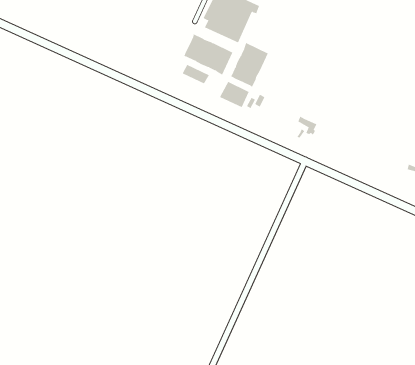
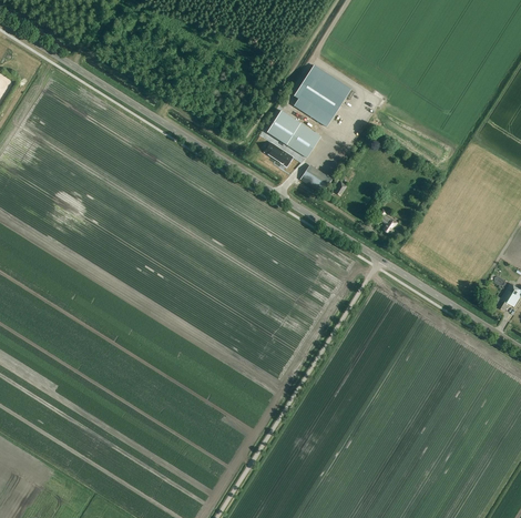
building: [230,42,269,88] -> none

